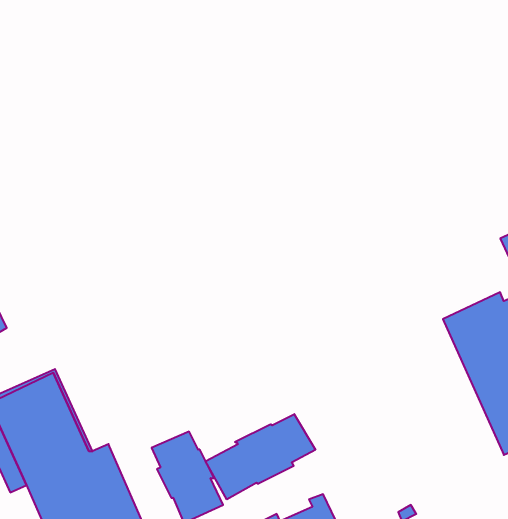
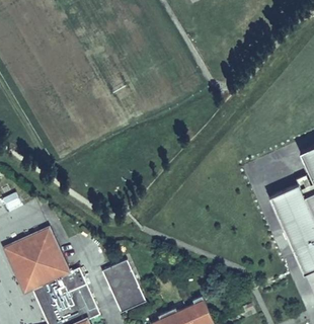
building: [206,414,315,499] -> none

